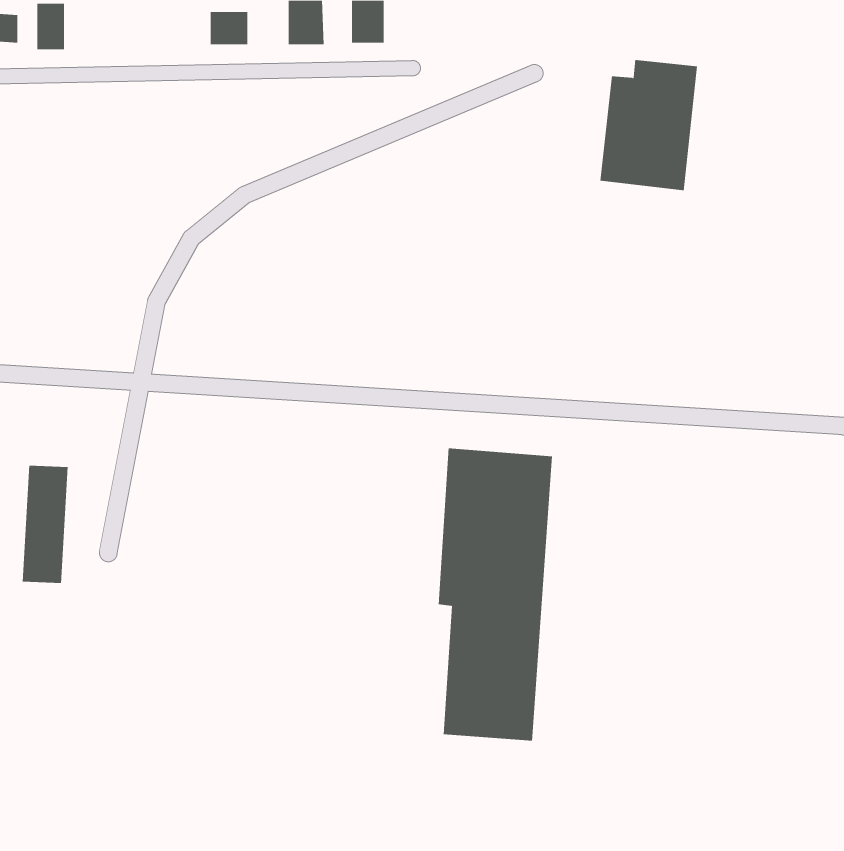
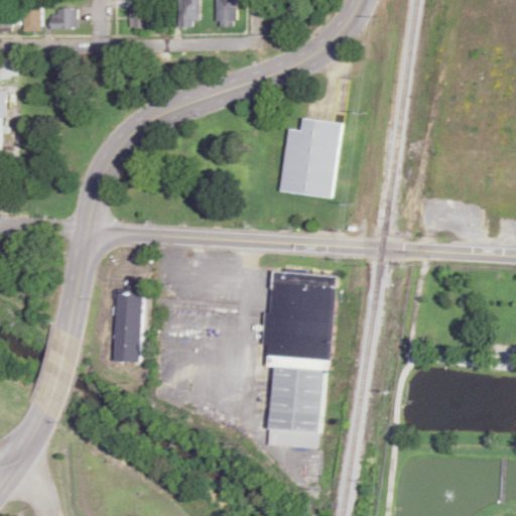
building: none -> [50,7,75,30]
building: [600,59,698,191] -> [279,119,339,199]
building: [22,465,69,583] -> [121,291,149,363]

